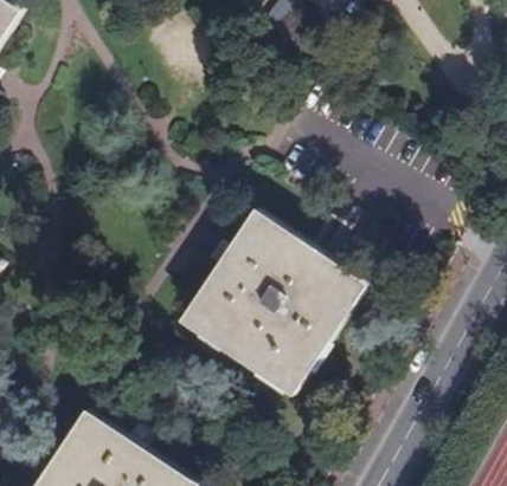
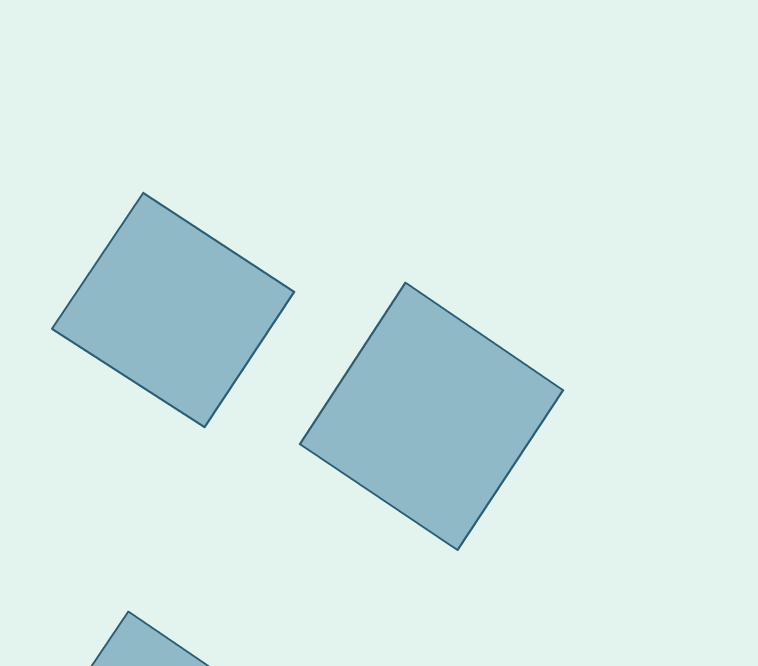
building: none -> [52,193,294,427]

